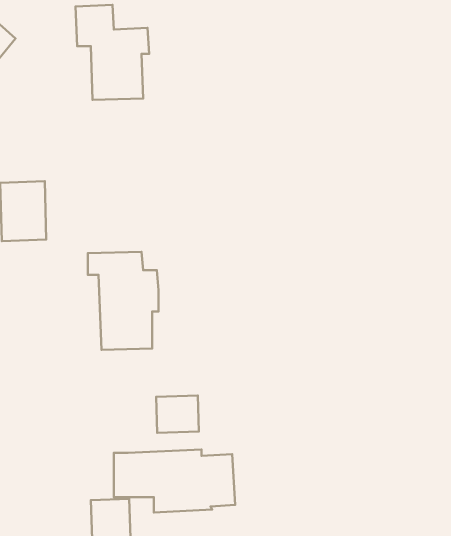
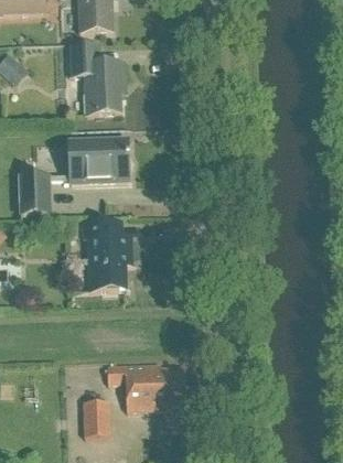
building: none -> [69,137,130,182]
building: [156,395,199,433] -> none

